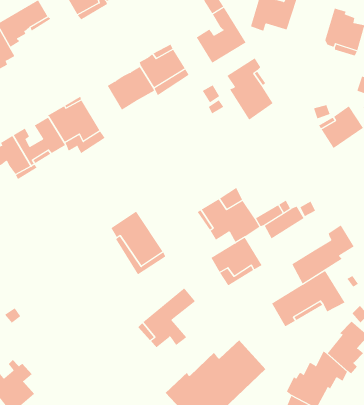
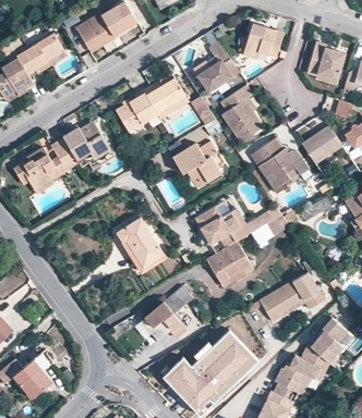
building: none -> [249,139,305,196]
building: none -> [172,144,219,187]
building: [292,225,354,284] -> none

